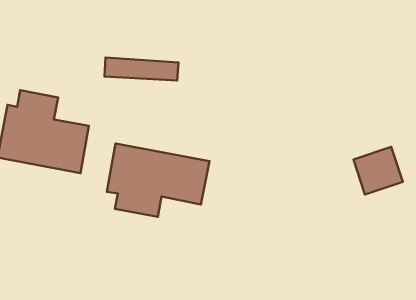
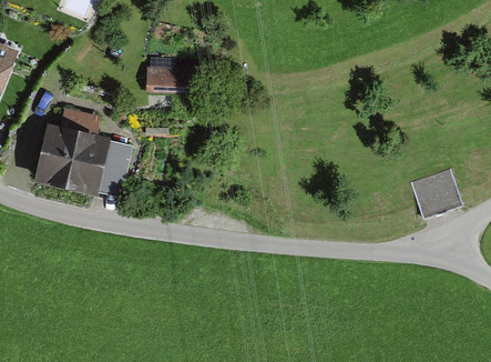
building: [107,143,209,217] -> none

